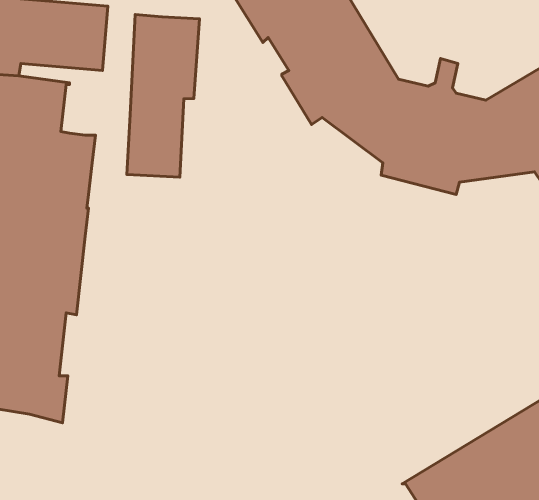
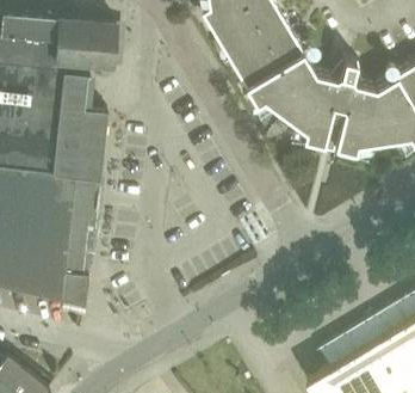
building: [127,15,200,177] -> none

